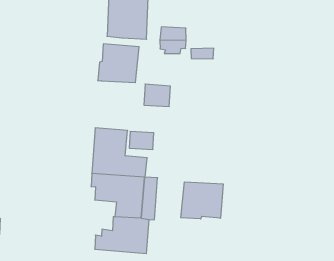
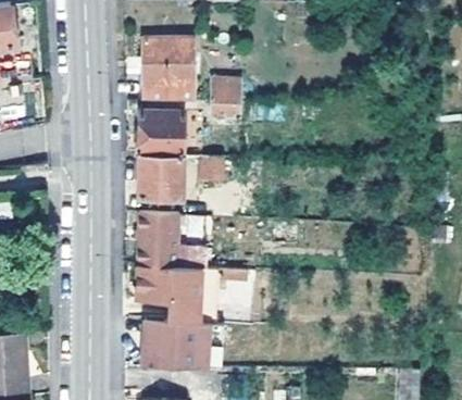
building: none -> [138,157,183,198]
building: [181,182,223,219] -> none

